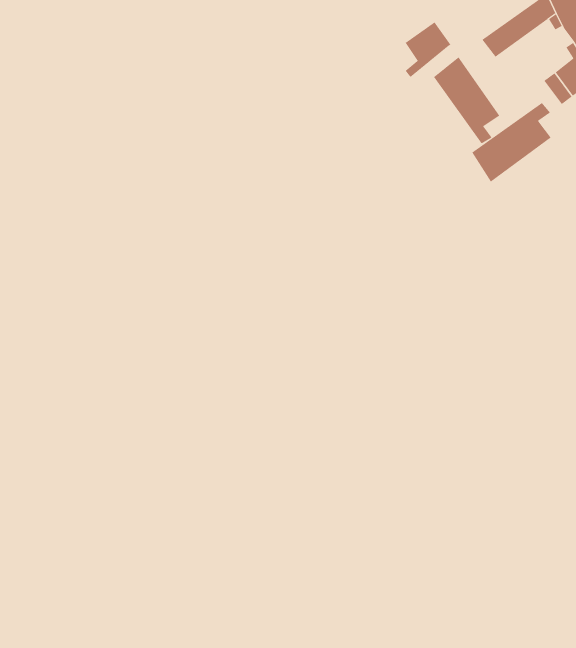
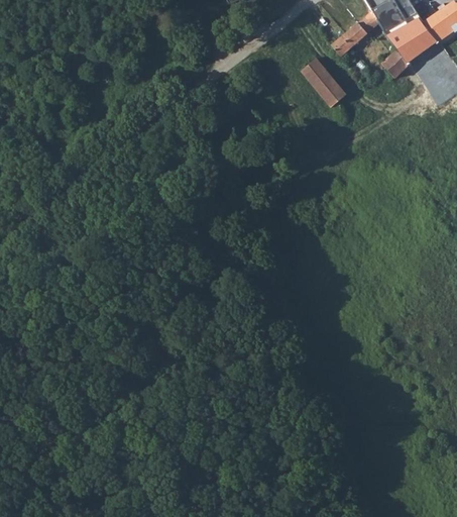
building: [405,21,451,78] -> none
building: [472,102,551,182] -> none

